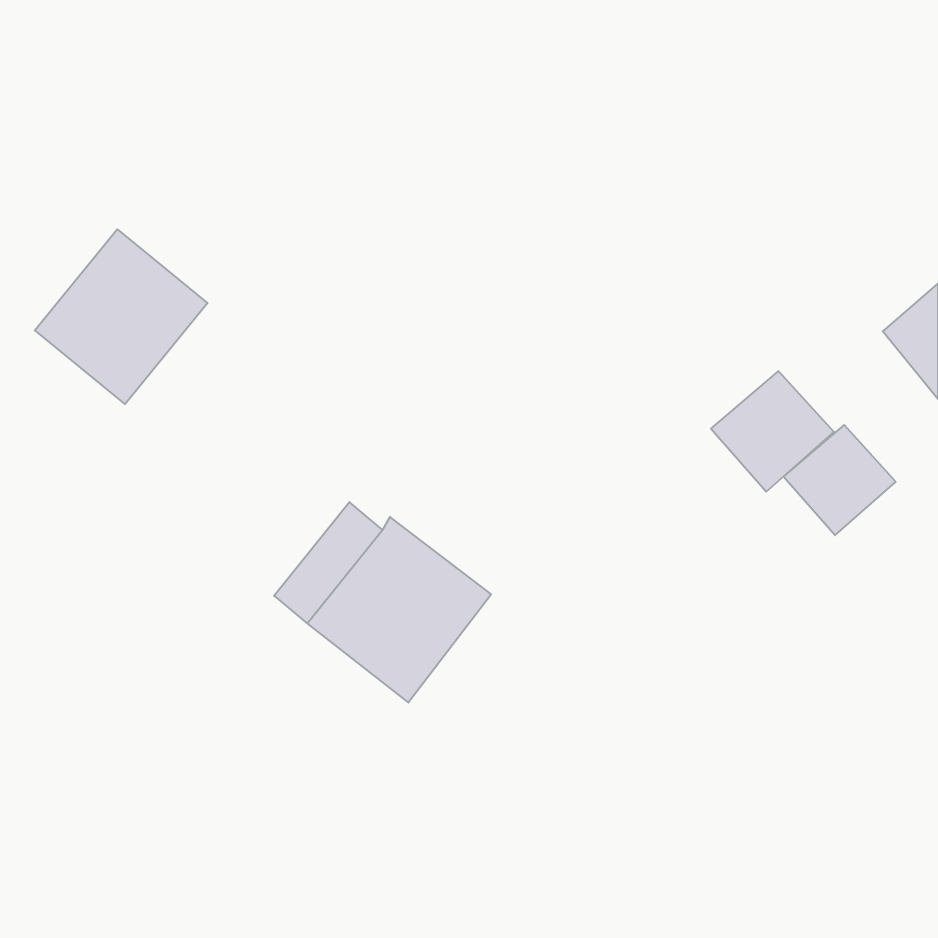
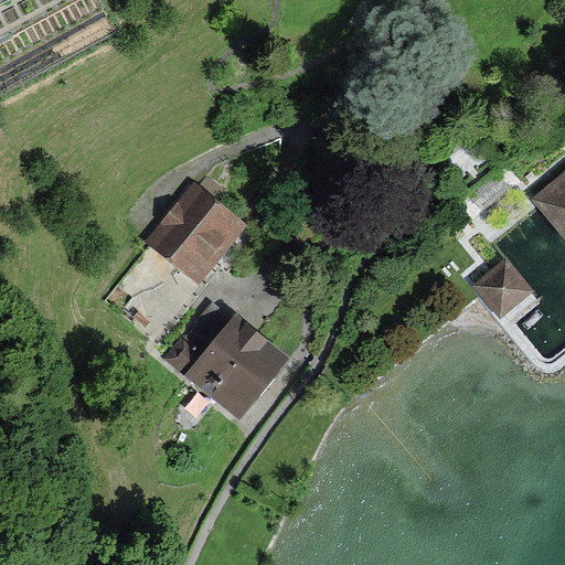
building: [35,229,208,404] -> [143,182,247,287]
building: [711,371,834,492] -> none

